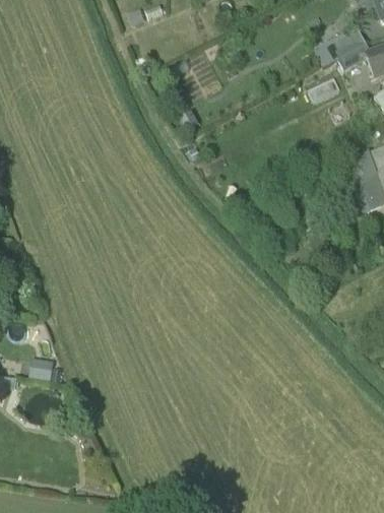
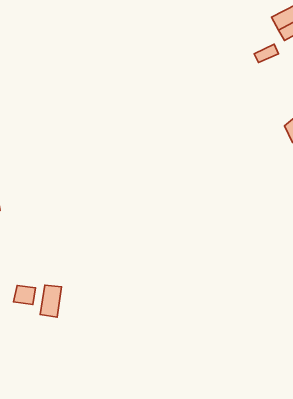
building: none -> [40,285,61,317]

